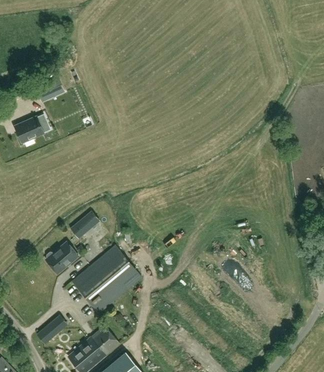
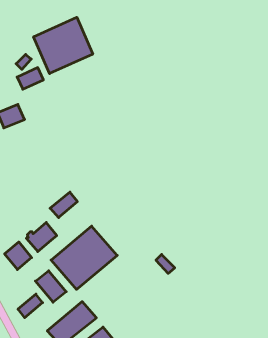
building: none -> [34,17,93,74]
building: none -> [5,242,32,270]
building: none -> [35,271,66,302]

